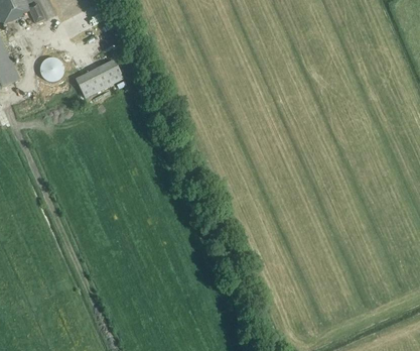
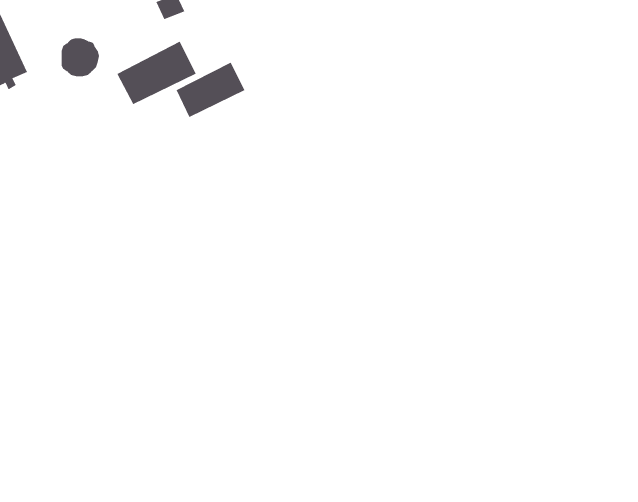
building: none -> [176,62,245,118]

